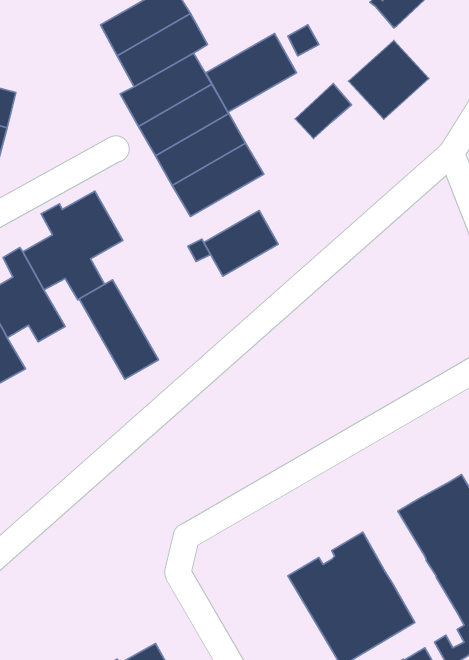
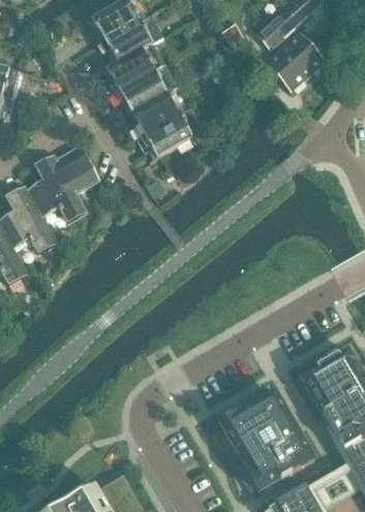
building: [206,33,296,112] -> none
building: [295,84,351,139] -> [256,8,298,49]
building: [204,211,278,276] -> none
building: [79,280,158,379] -> none

